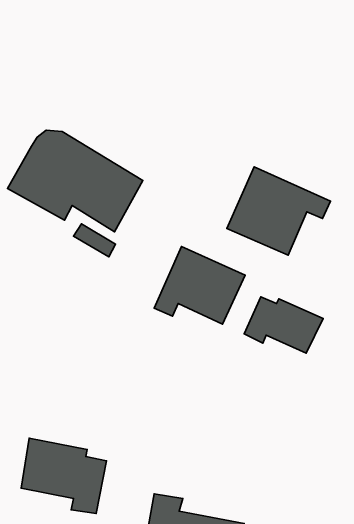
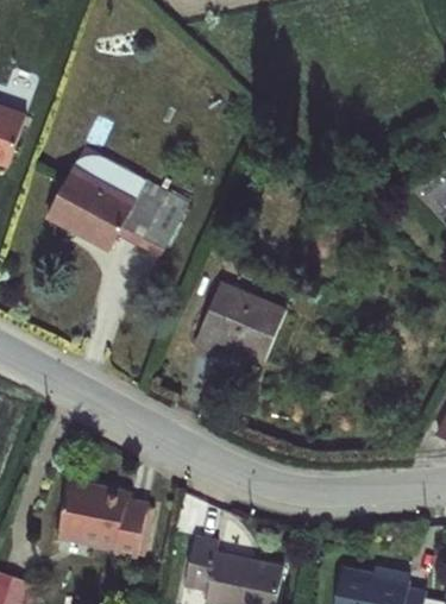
building: [227,167,330,255] -> none
building: [244,297,323,353] -> none

